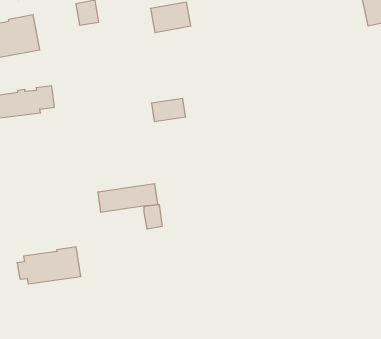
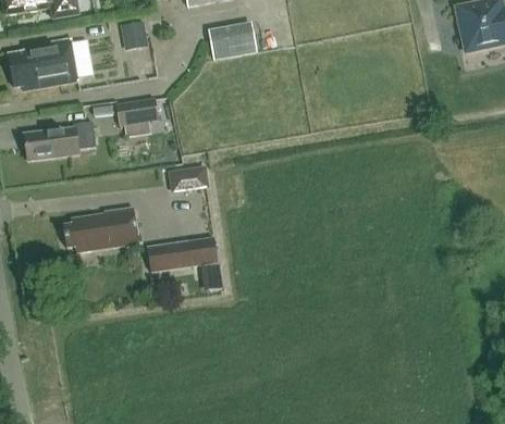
building: none -> [115,98,158,125]
building: [151,99,186,122] -> [169,165,209,192]
building: [17,247,81,284] -> [64,208,139,251]

